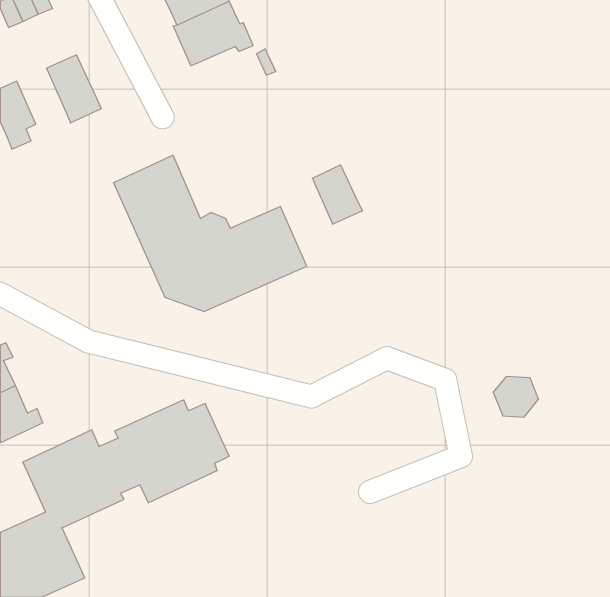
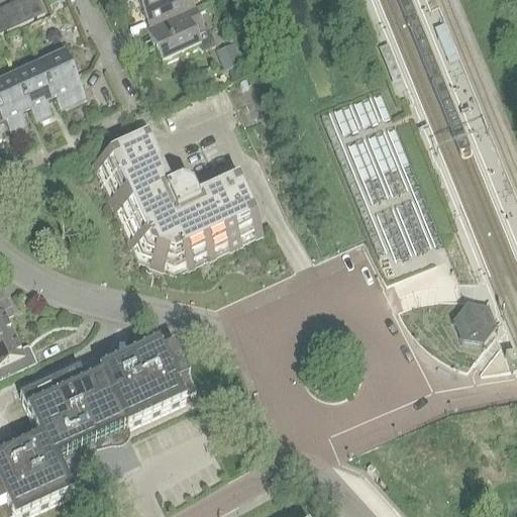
building: none -> [14,58,56,115]
building: [312,165,363,224] -> none
building: [493,377,539,417] -> [454,301,493,335]

